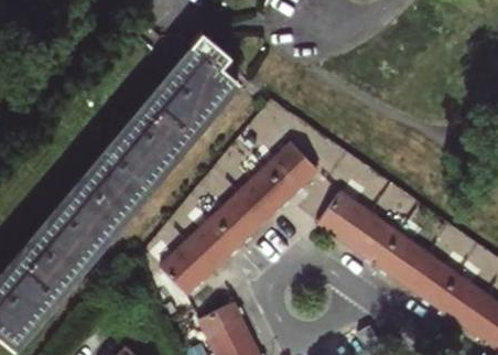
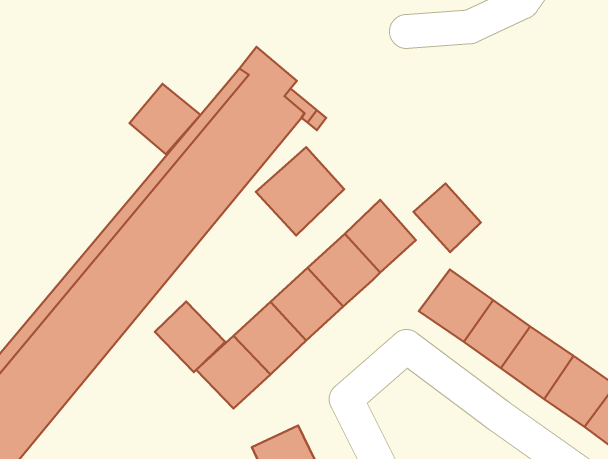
building: none -> [129,84,201,154]
building: none -> [256,147,344,235]
building: none -> [413,184,481,252]
building: none -> [155,302,225,372]

